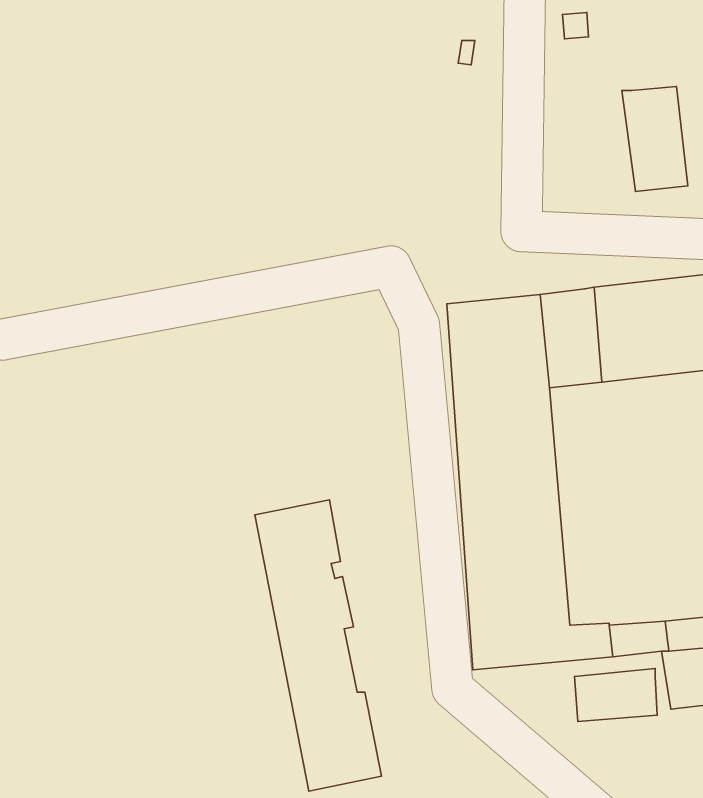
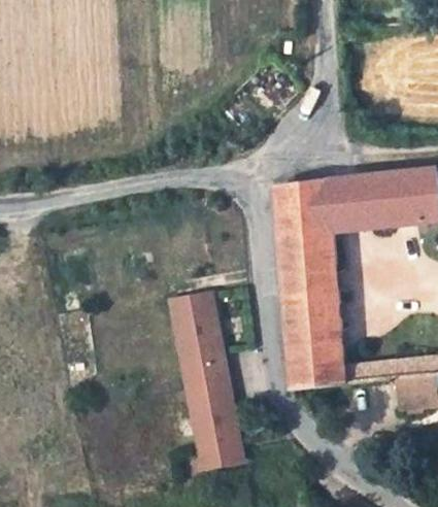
building: [622,87,688,192] -> none
building: [575,669,657,722] -> none

